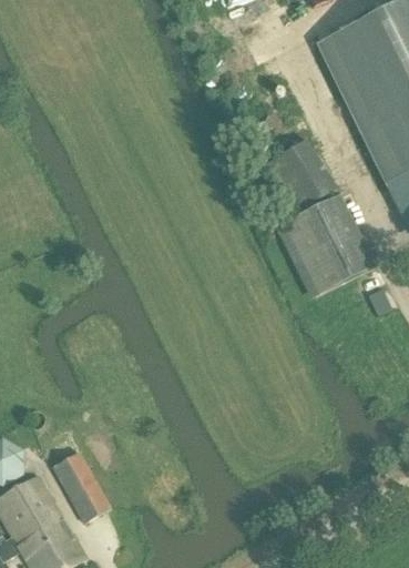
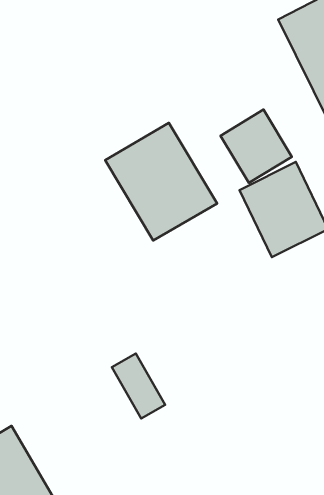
building: none -> [105,123,217,241]
building: [52,452,109,520] -> [112,354,165,419]

